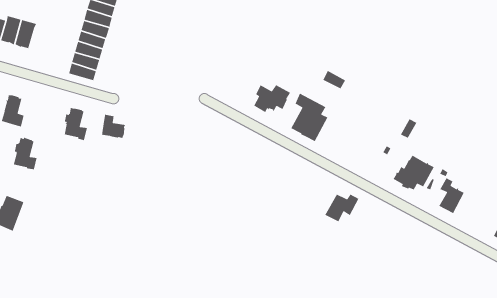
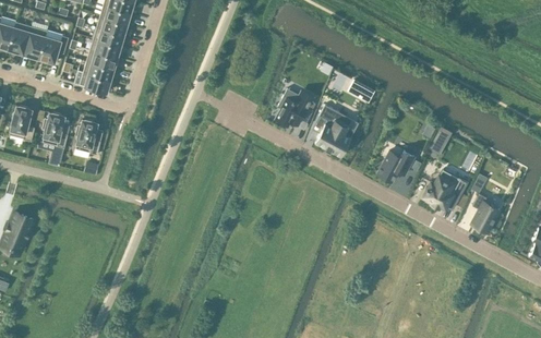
building: none -> [38,37,69,64]
building: [101,114,126,139] -> none
building: [13,137,38,170] -> [41,113,68,148]
building: [324,193,359,222] -> [376,152,413,182]

